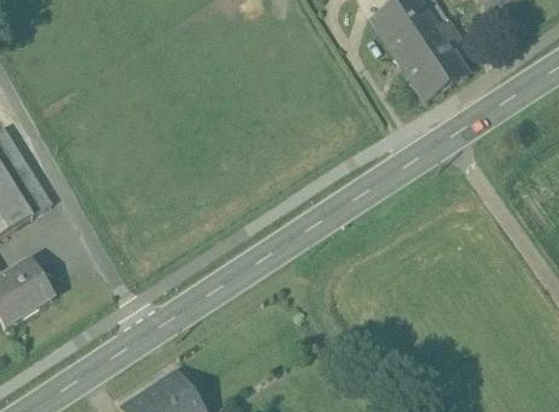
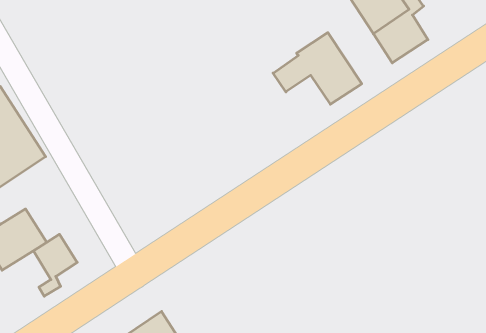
building: none -> [273,33,362,104]
building: none -> [34,234,77,296]

